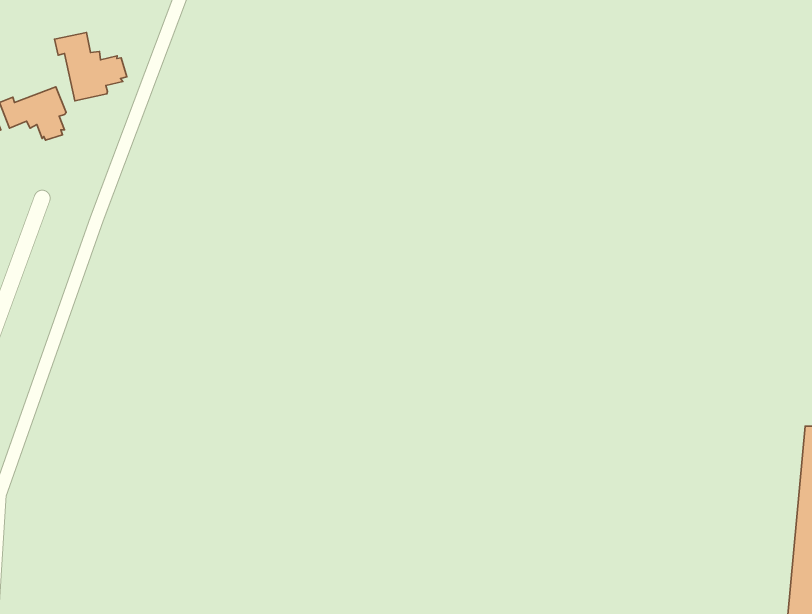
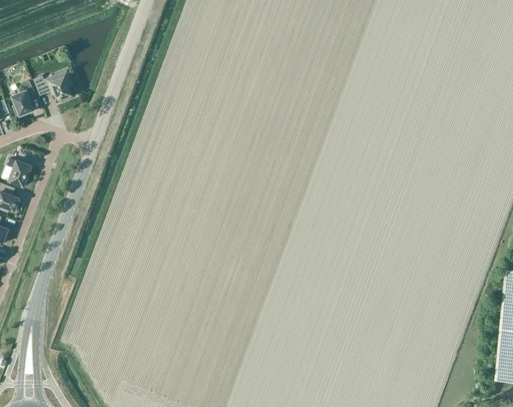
building: [55,33,127,101] -> none

